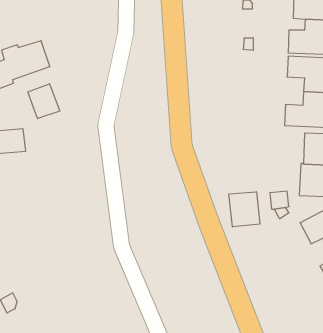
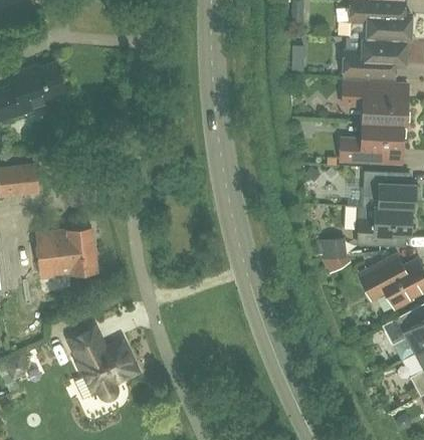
building: [28,84,60,119] -> none
building: none -> [38,226,96,275]
building: [229,192,260,227] -> none
building: none -> [71,325,137,398]

